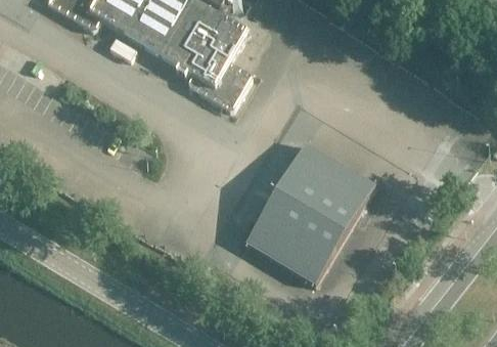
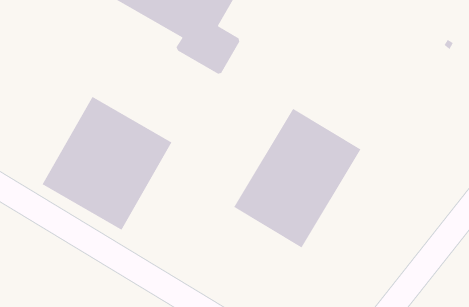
building: none -> [41,96,173,231]

